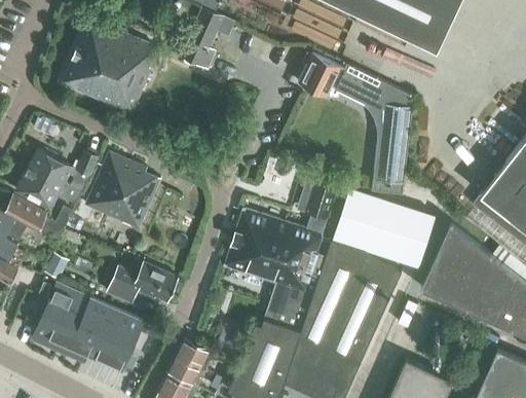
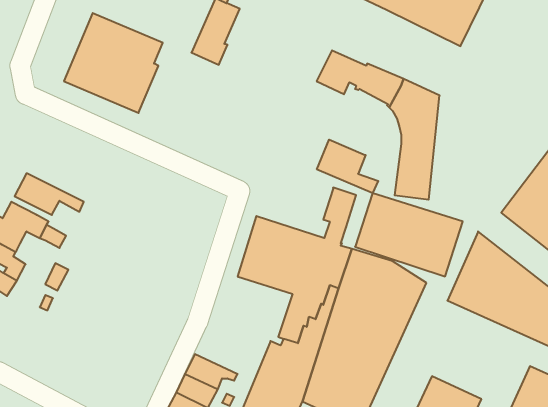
building: none -> [317,140,378,193]
building: [27,149,99,196] -> none
building: [85,153,159,230] -> none
building: [107,263,178,304] -> none
building: [36,286,143,370] -> none

